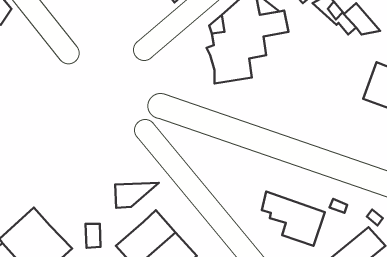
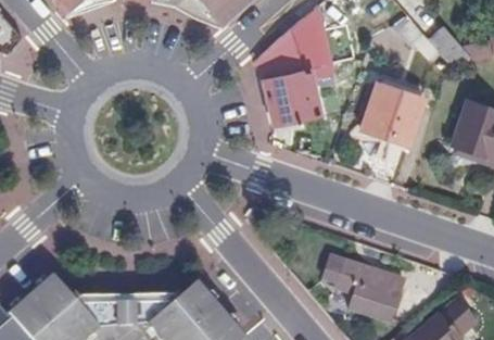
building: none -> [358,81,421,143]
building: [115,183,159,208] -> [129,293,182,324]
building: none -> [68,295,113,326]

